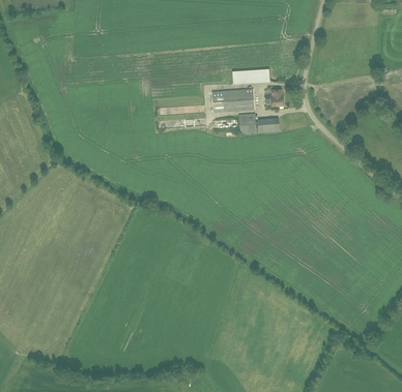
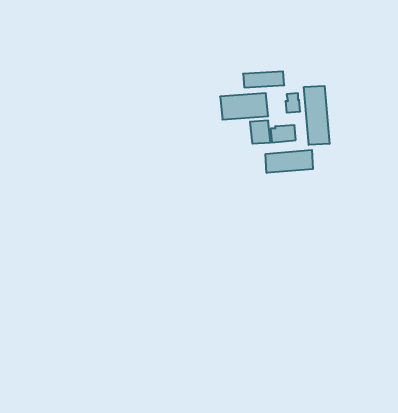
building: none -> [304,86,329,145]
building: none -> [266,150,313,173]

